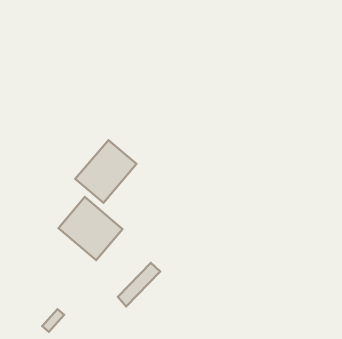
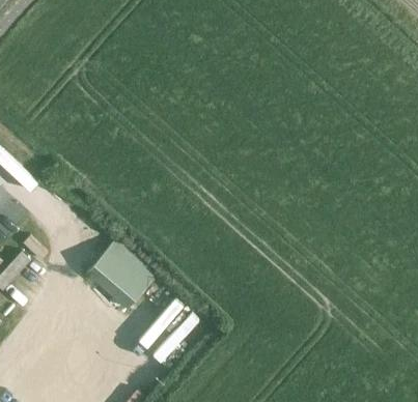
building: [75,140,136,203] -> none

